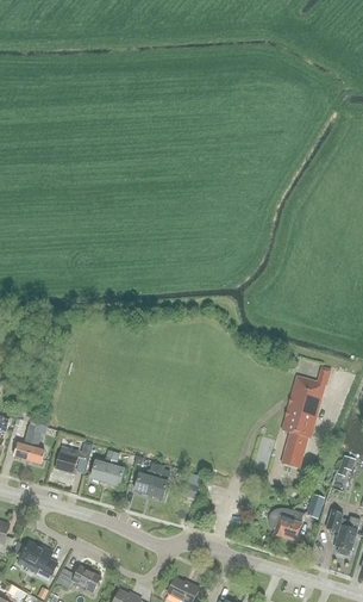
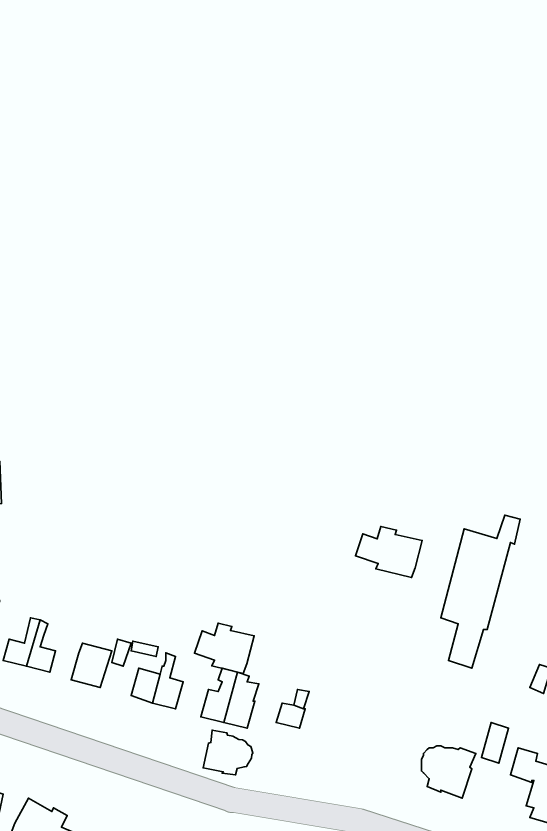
building: none -> [355,527,422,578]
building: none -> [195,623,254,673]
building: none -> [203,730,253,775]

